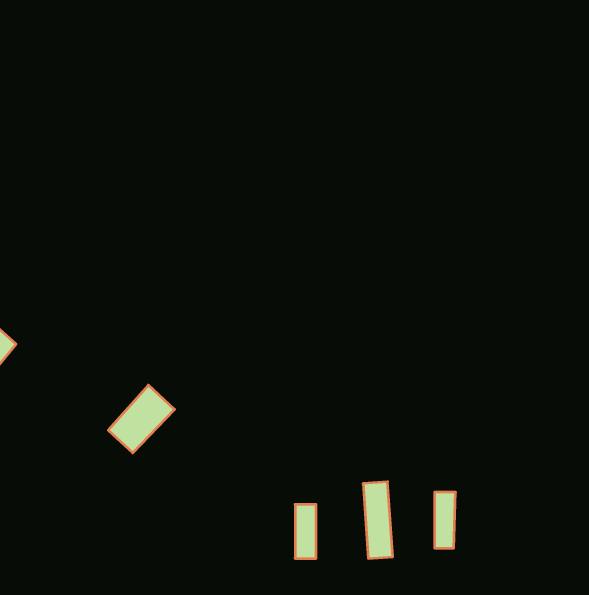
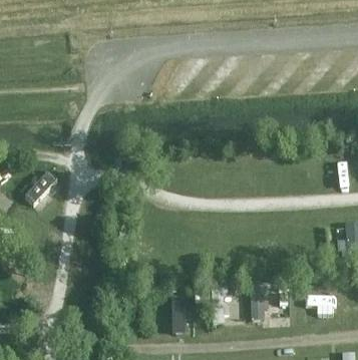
building: [108,385,175,453] -> [21,170,59,210]

